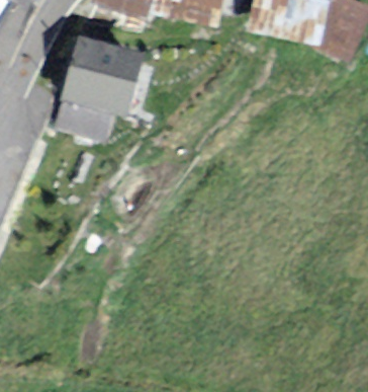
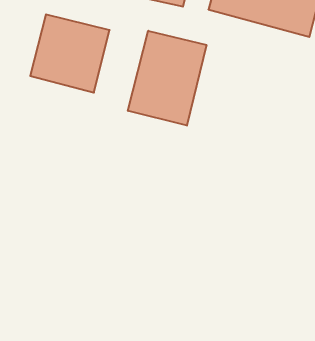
building: none -> [128,31,206,126]

